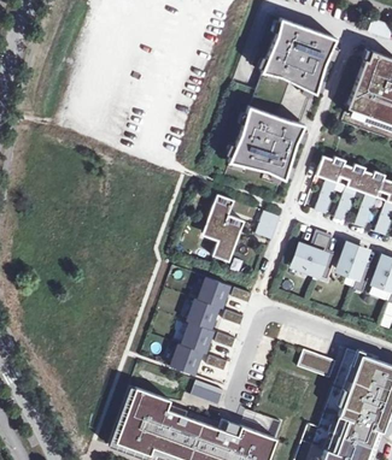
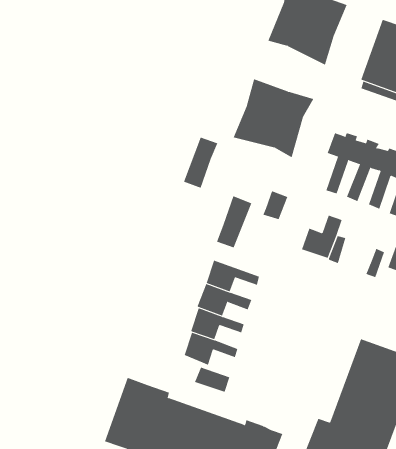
building: [201,195,234,243] -> [183,137,218,188]
building: [338,244,367,277] -> none
building: [299,347,337,375] -> none

